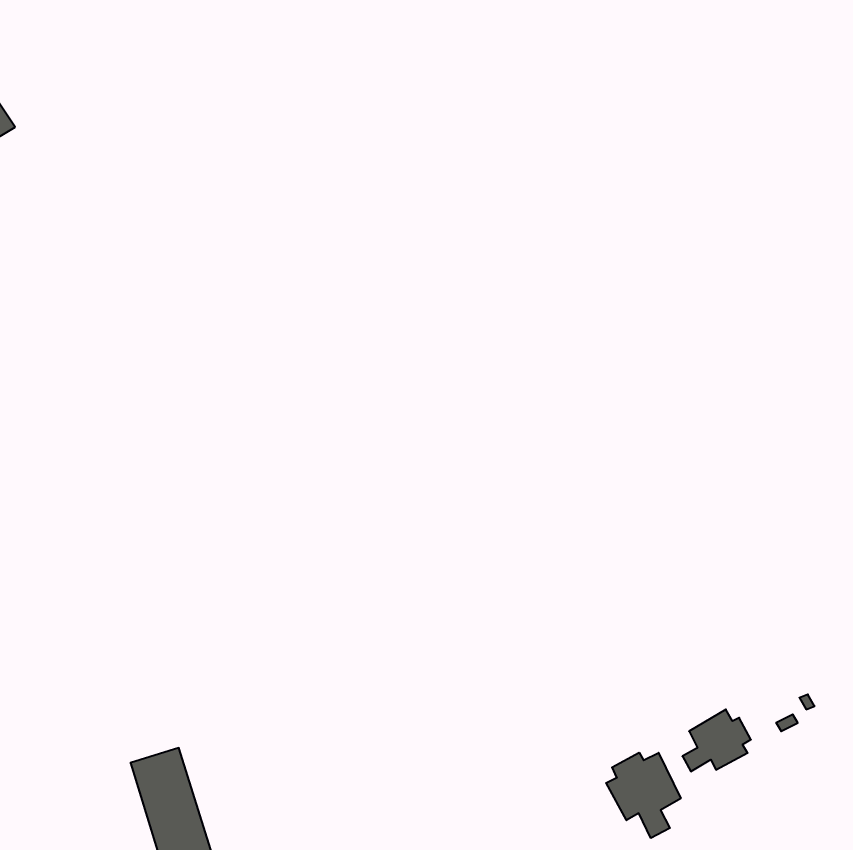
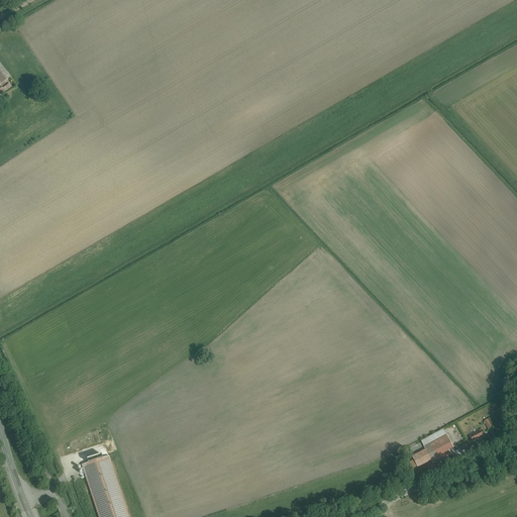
building: [606,753,681,838] -> none

